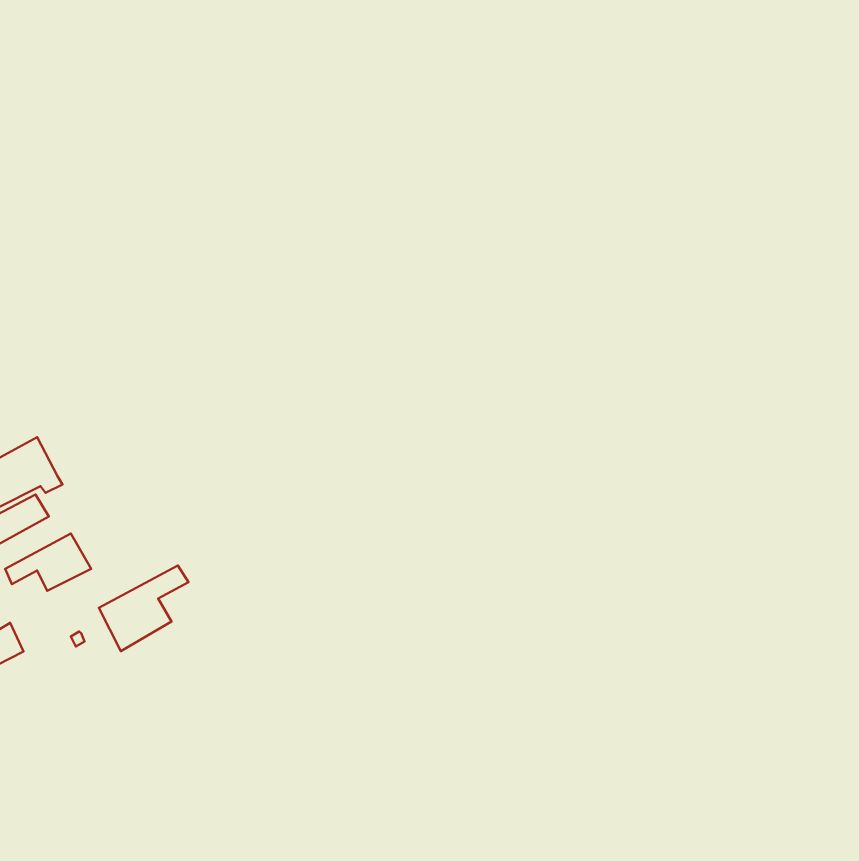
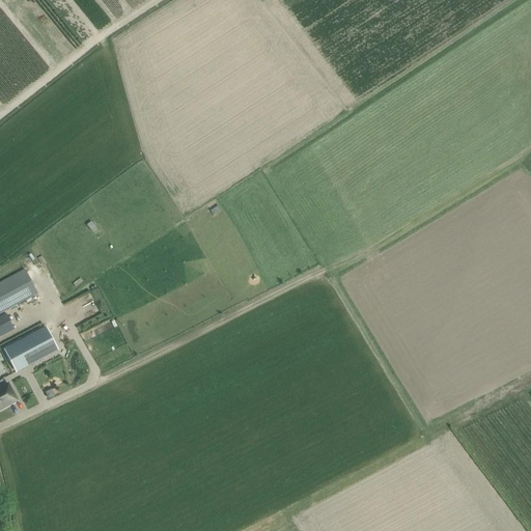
building: [99,565,188,651] -> none

